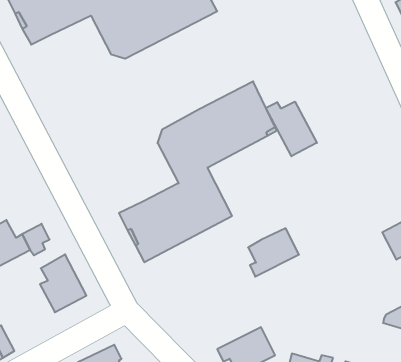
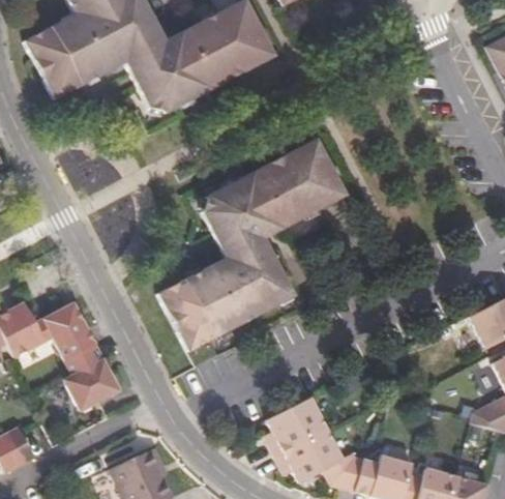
building: [266,102,317,156] -> none
building: none -> [58,302,95,358]
building: [248,228,299,277] -> [266,397,326,453]

